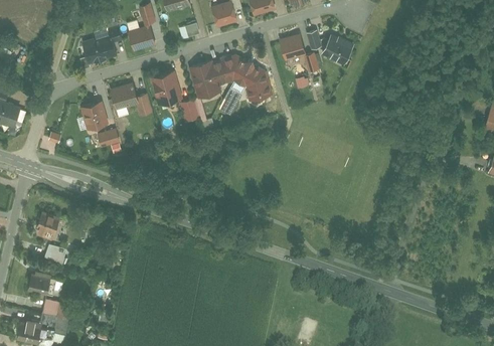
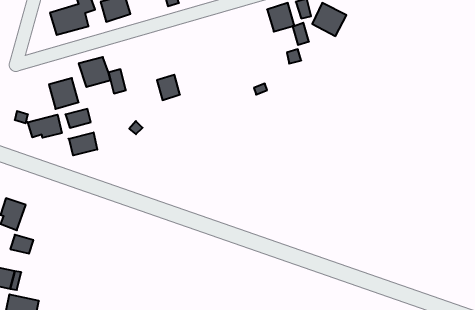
building: [190,56,273,101] -> none
building: [149,69,182,105] -> none
building: none -> [28,115,62,138]
building: none -> [68,132,97,155]

